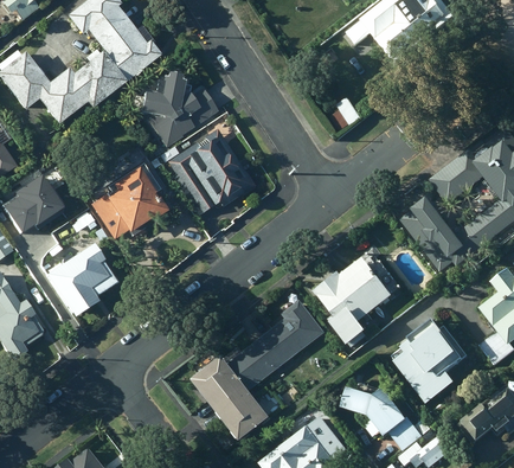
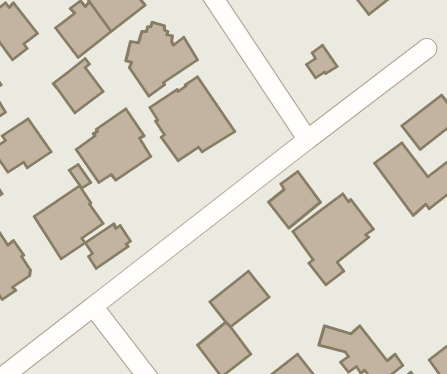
building: [34,68,86,124] -> [53,58,103,113]
building: none -> [85,224,130,268]
building: [269,299,323,358] -> [268,171,321,228]
building: [392,318,469,404] -> none
building: [193,355,245,408] -> none

